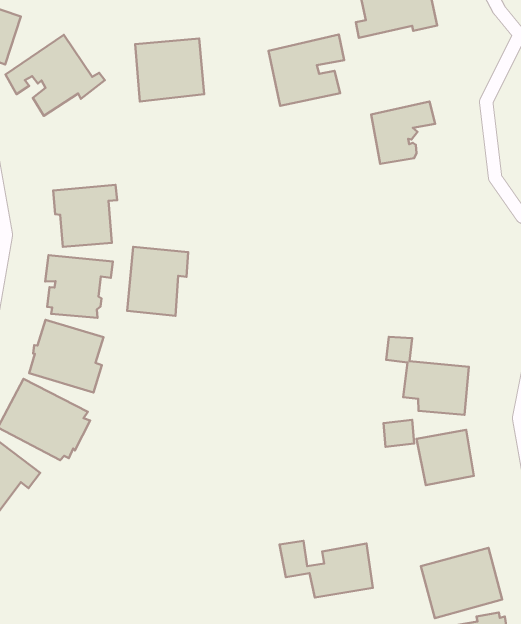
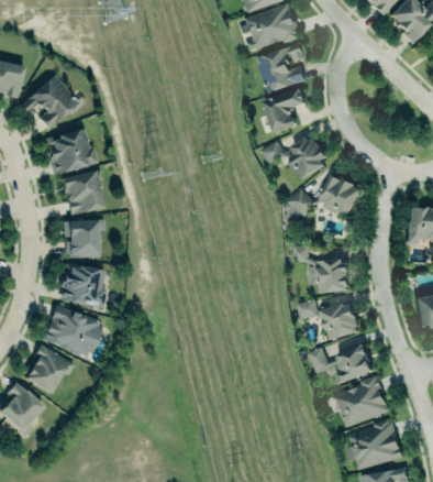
building: [268,35,344,106] -> [256,42,307,94]
building: [135,39,204,101] -> [45,128,95,174]
building: none -> [260,138,326,179]
building: none -> [289,174,363,217]
building: [127,247,188,316] -> none
building: [280,541,373,597] -> [308,344,373,384]

